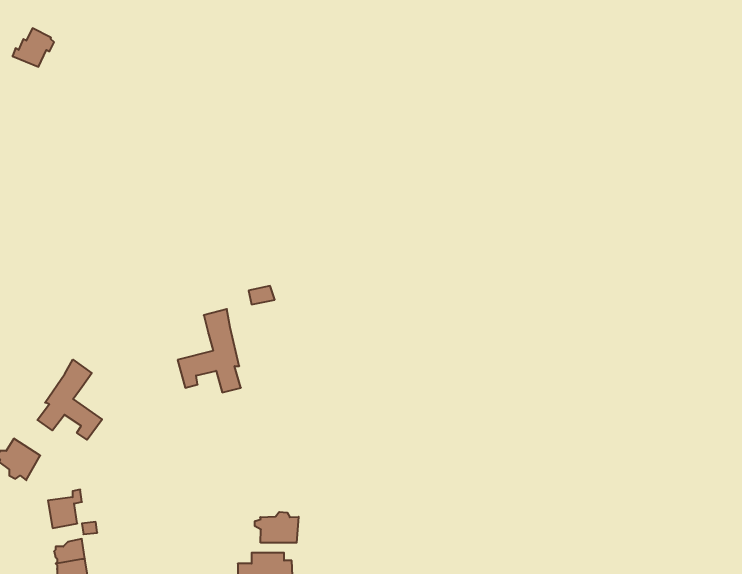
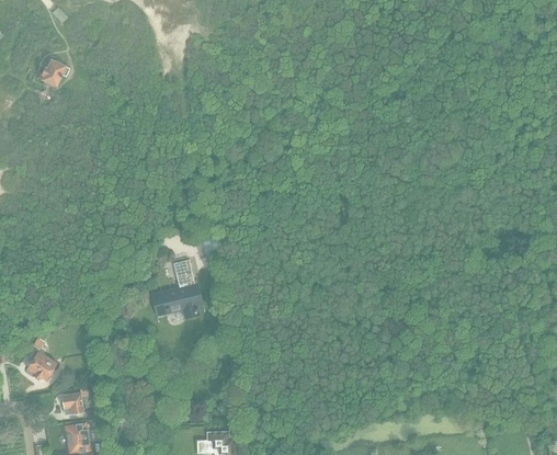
building: [37,360,102,440] -> none
building: [255,512,299,543] -> none

